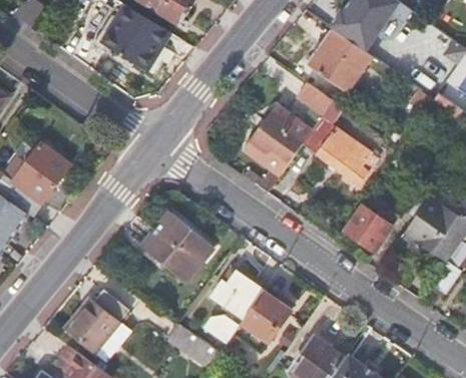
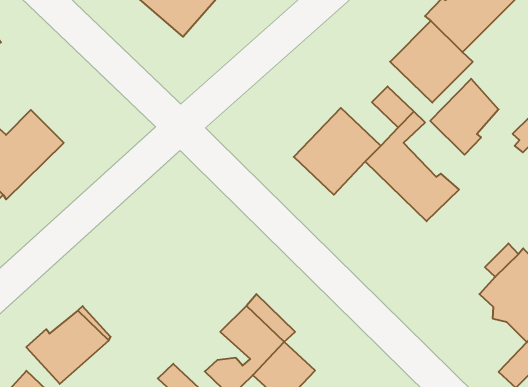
building: none -> [430,79,499,155]
building: [346,208,399,253] -> none
building: [142,214,211,283] -> none

